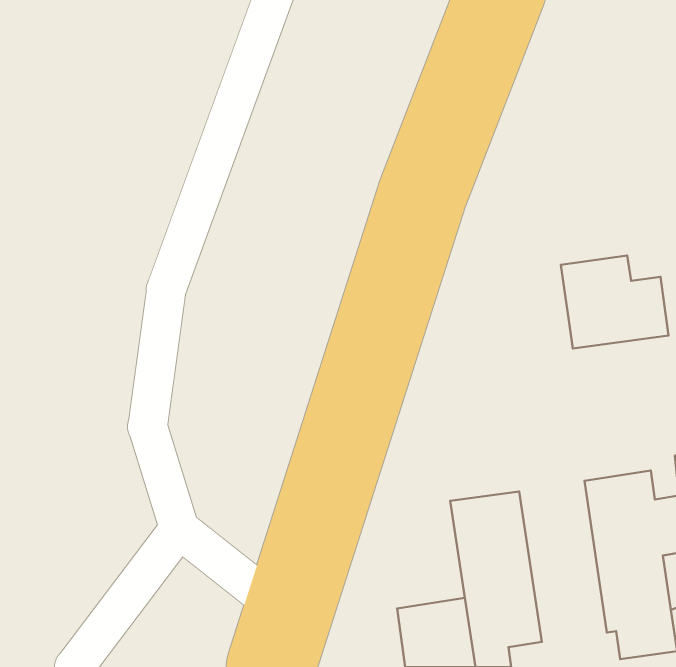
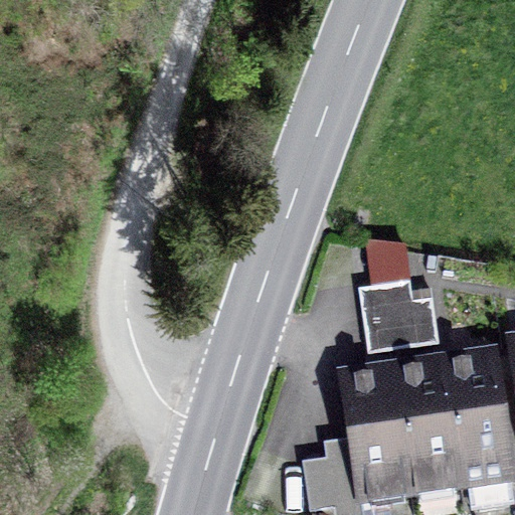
building: [561,256,668,349] -> [358,281,440,351]
building: none -> [395,364,462,486]

